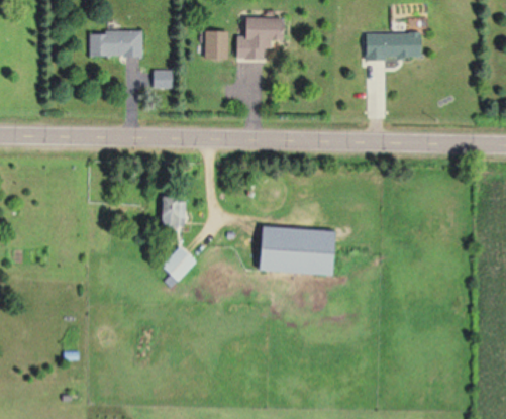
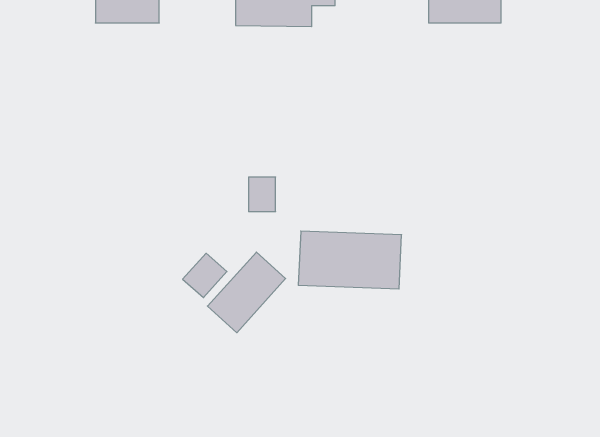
building: [154,70,175,88] -> none
building: [163,199,185,227] -> [249,177,276,212]
building: none -> [207,252,286,333]

